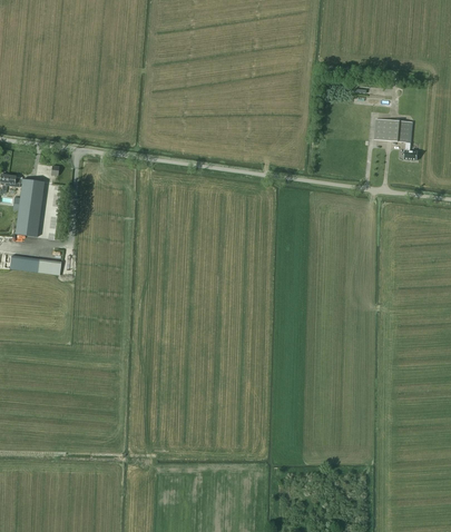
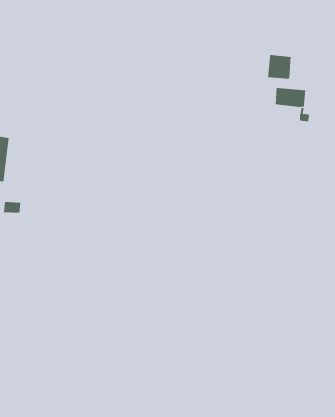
building: none -> [268,54,291,79]

